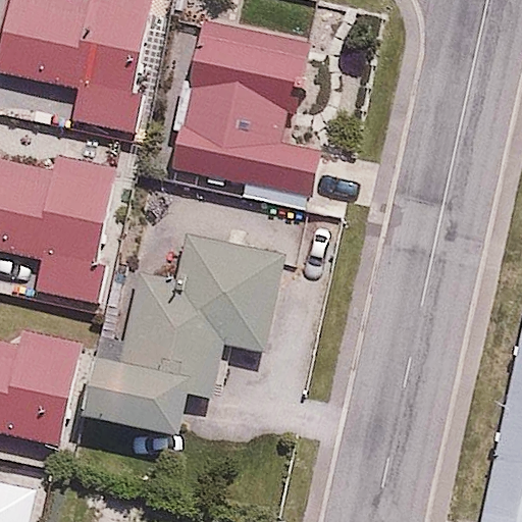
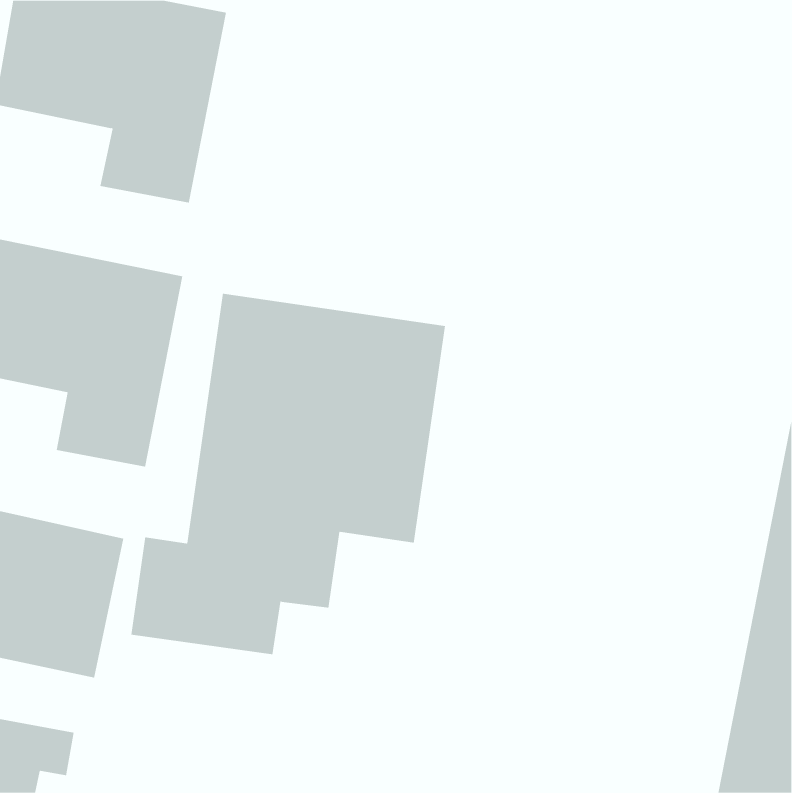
building: [173,19,334,198] -> none

